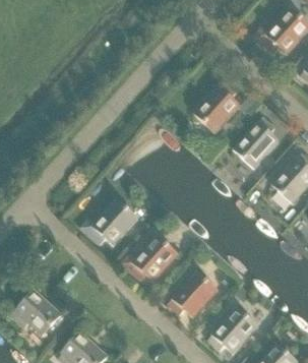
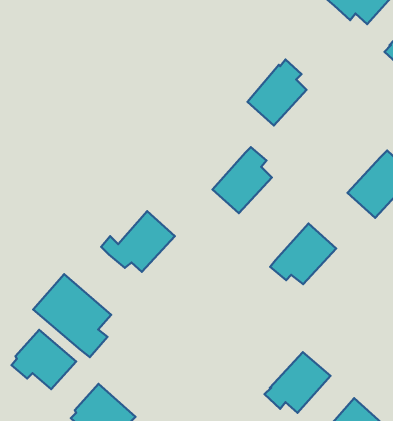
building: [232,117,278,168] -> [213,147,272,213]
building: [120,235,177,282] -> none
building: none -> [33,274,111,357]
building: [167,270,218,317] -> [270,223,336,284]

